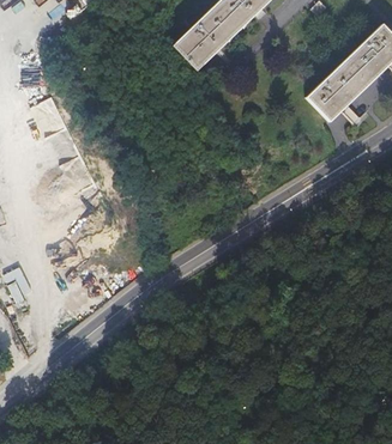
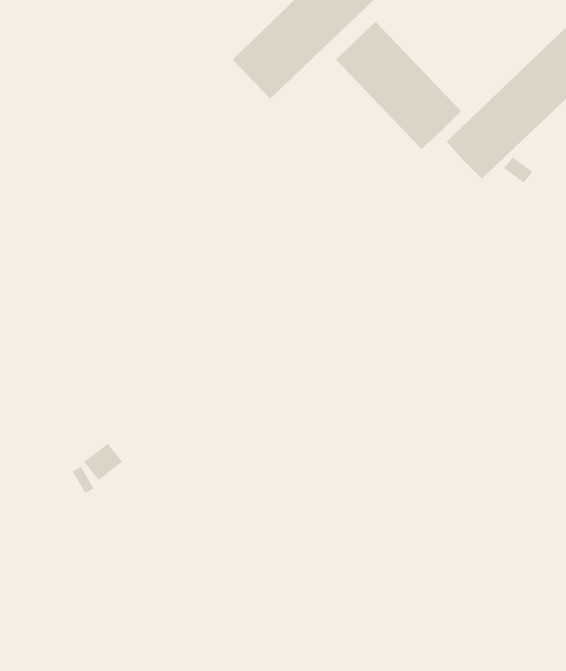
building: none -> [335,21,462,150]

